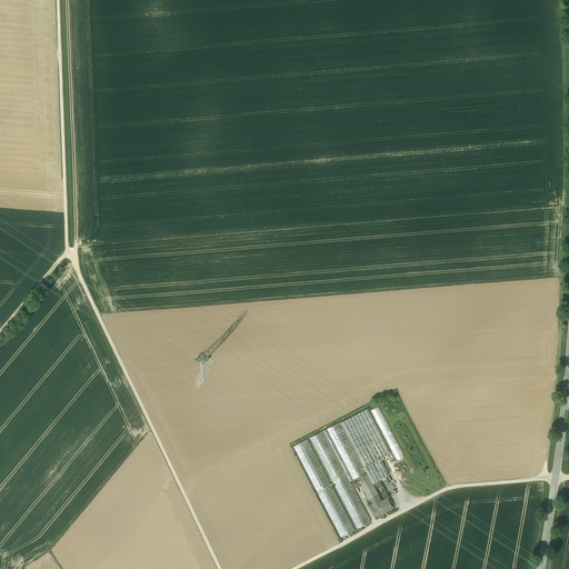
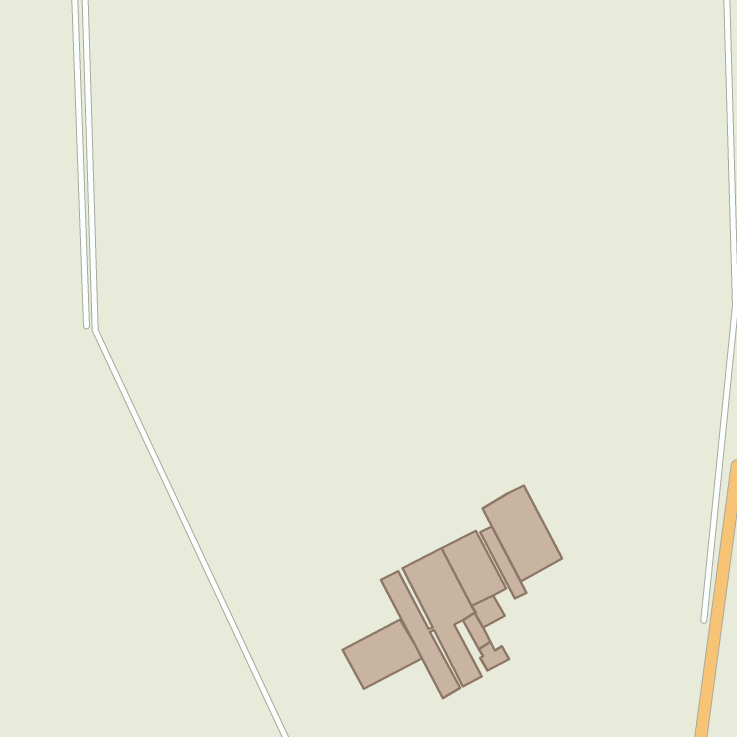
building: none -> [482,485,562,582]
building: none -> [342,619,422,689]

